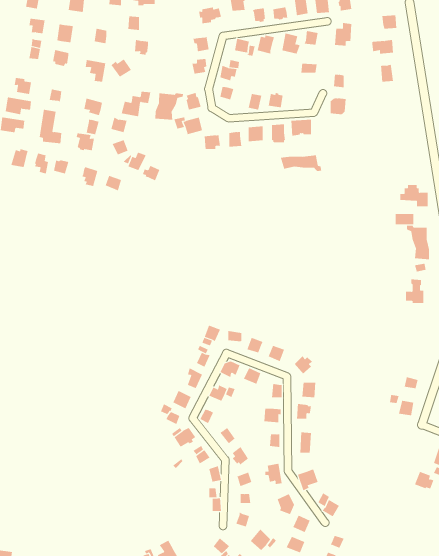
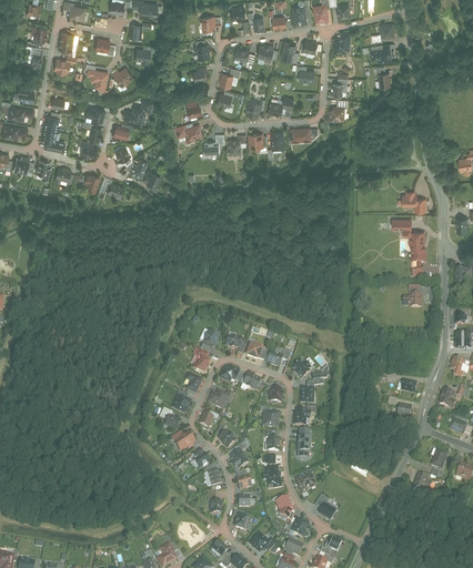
building: [155,92,183,121] -> none
building: [280,154,322,172] -> none

